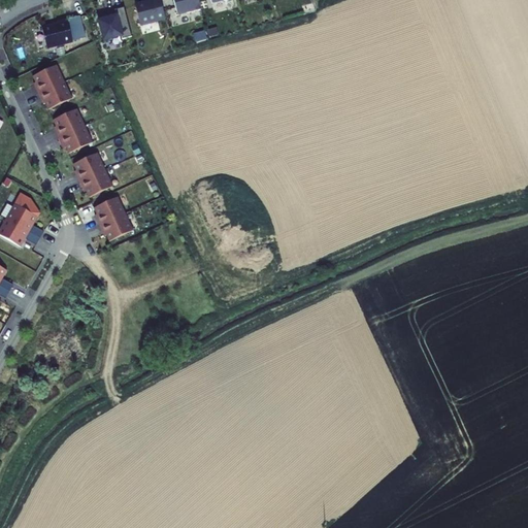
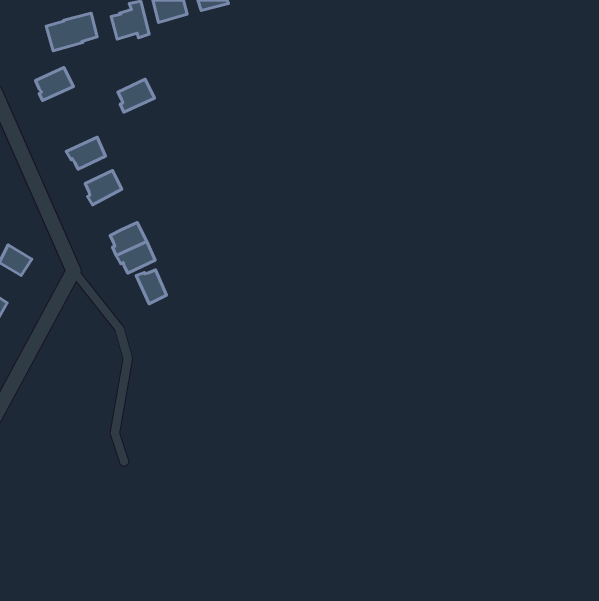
building: [37,78,71,107] -> none
building: [53,106,85,135] -> [118,79,155,112]
building: [80,168,113,197] -> none
building: [7,202,36,229] -> none
building: none -> [136,270,167,304]

